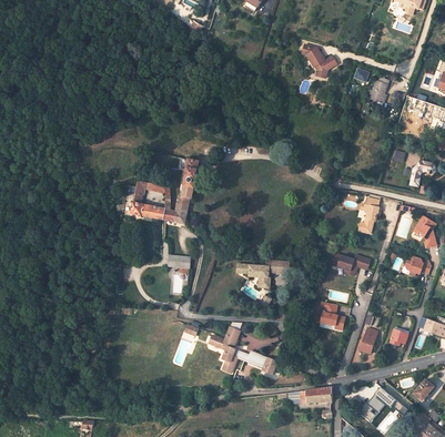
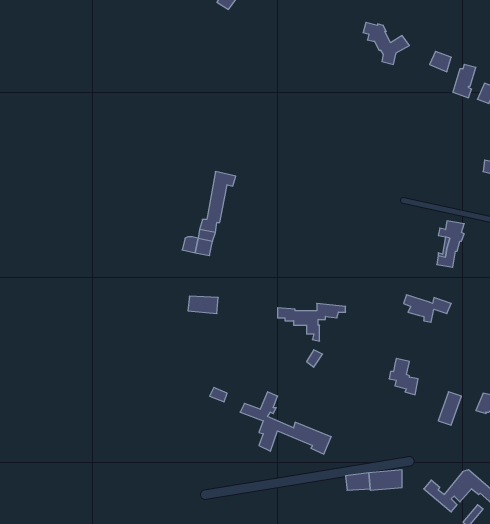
building: [131,180,164,218] -> none

